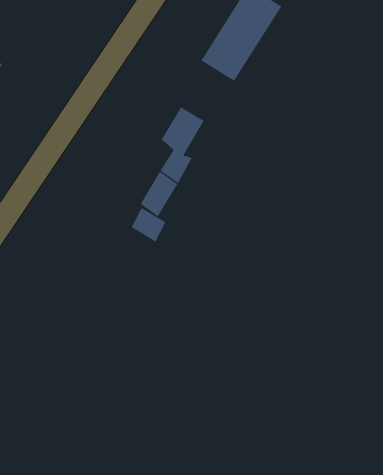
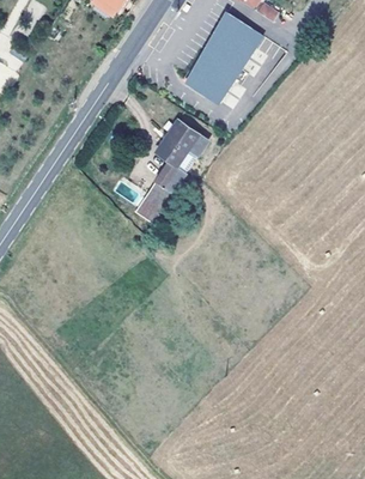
building: [131,207,166,242] -> none

